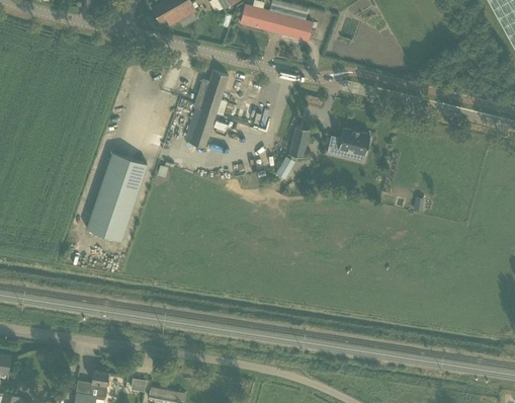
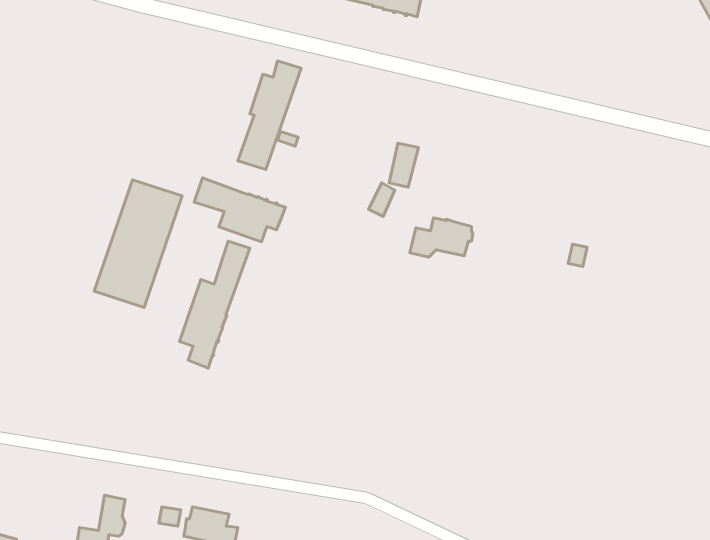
building: [327,129,370,156] -> [410,218,473,257]
building: none -> [194,178,285,242]
building: none -> [180,241,250,368]

